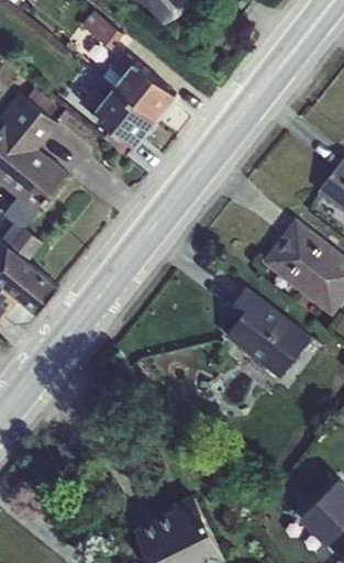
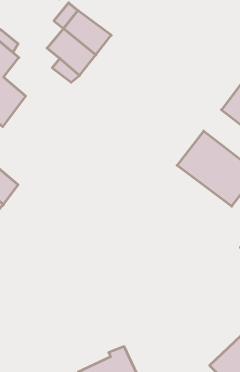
building: [224,287,310,377] -> none

